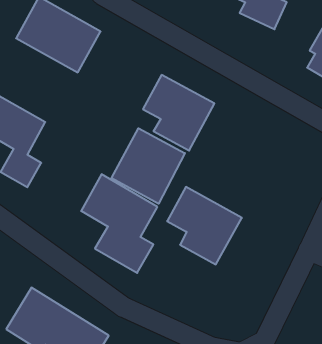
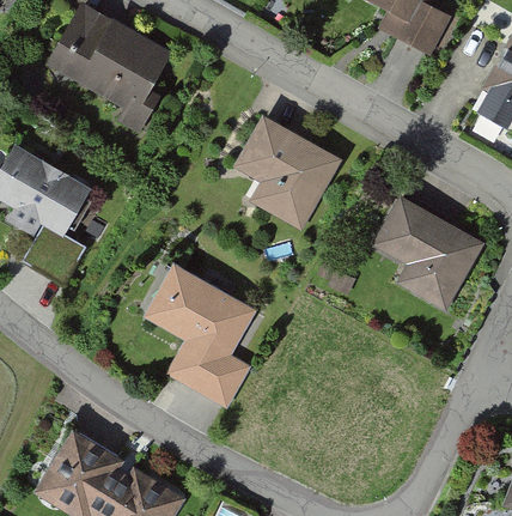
building: [112,128,185,204] -> none
building: [167,187,242,264] -> [374,199,484,312]

